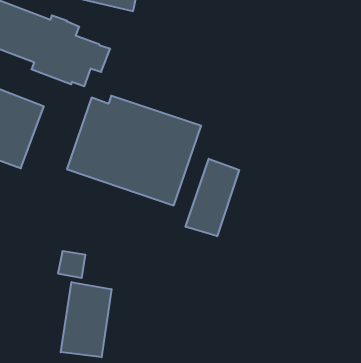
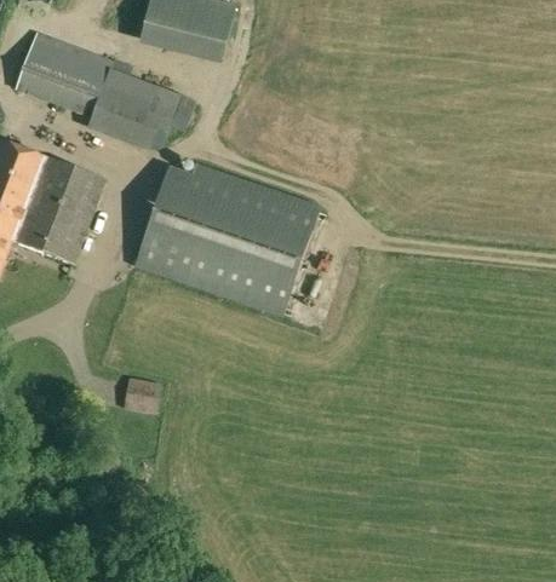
building: [186,159,239,236] -> none
building: [61,282,112,357] -> none

